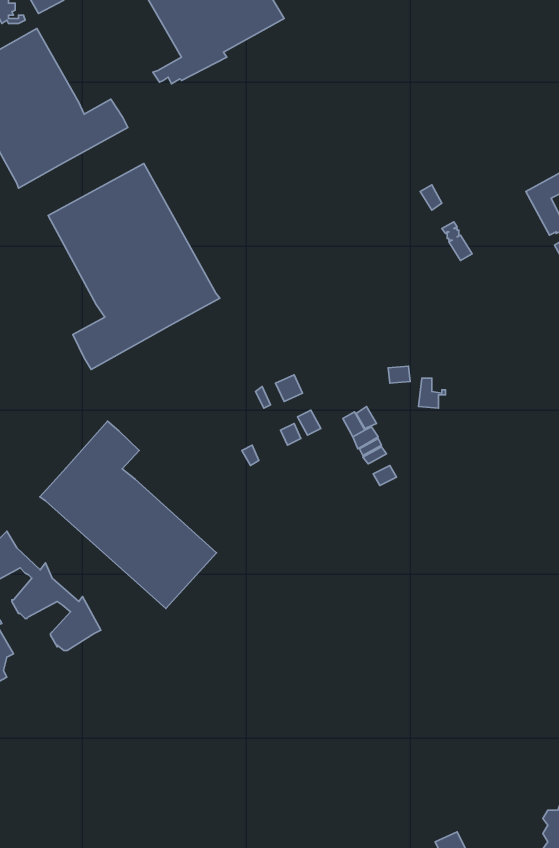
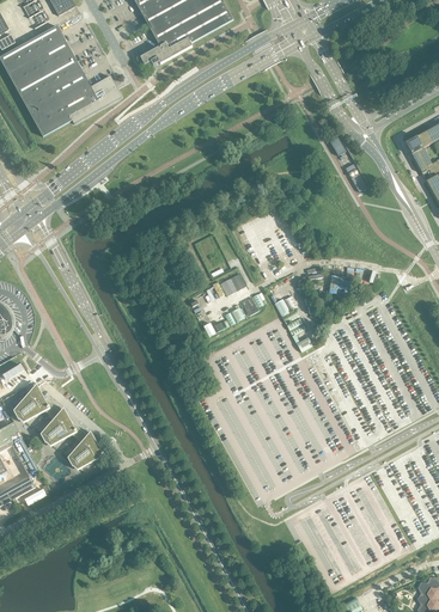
building: [48,163,220,369] -> none
building: [40,421,216,608] -> none

